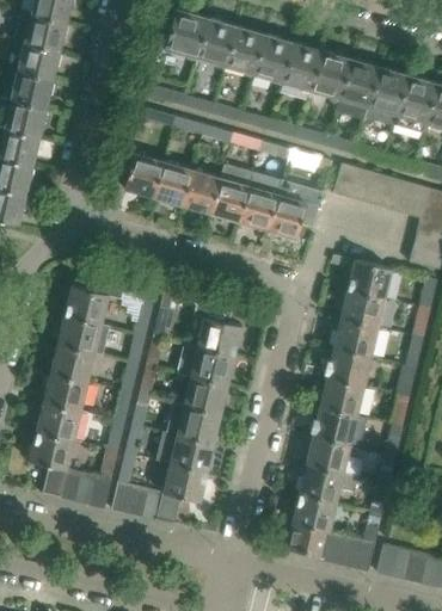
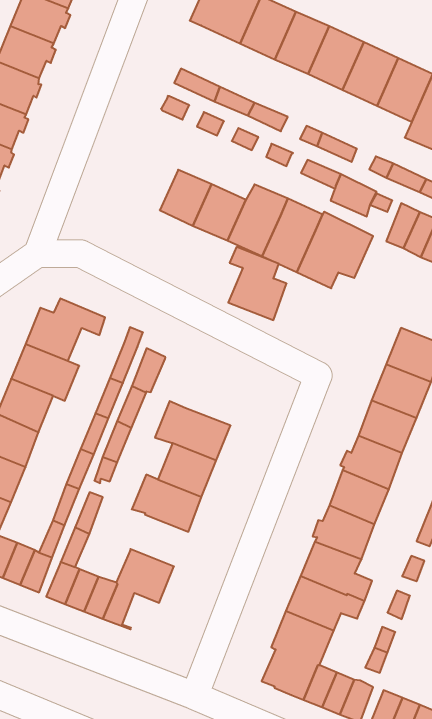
building: [124,155,164,197] -> none
building: [194,303,240,356] -> [228,247,287,320]
building: [156,431,214,471] -> none

